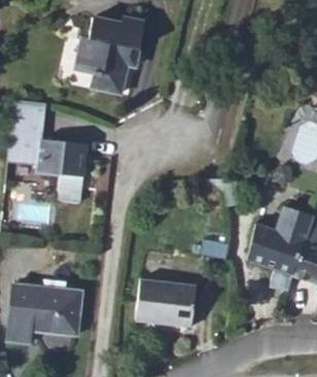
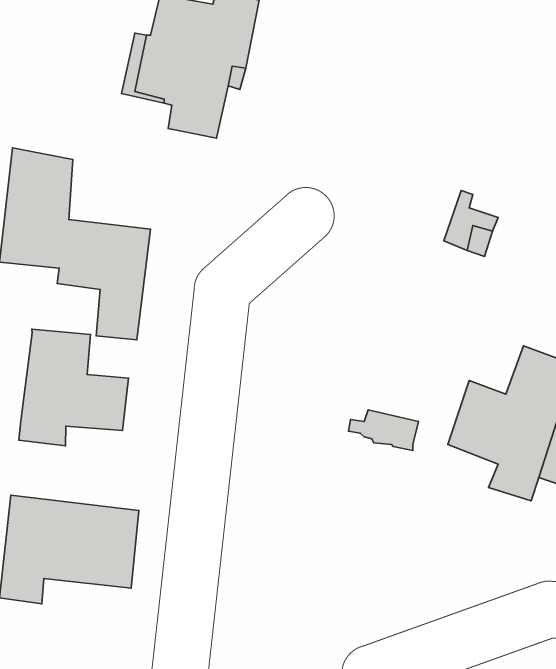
building: none -> [19,329,129,446]
building: [135,278,196,328] -> none

